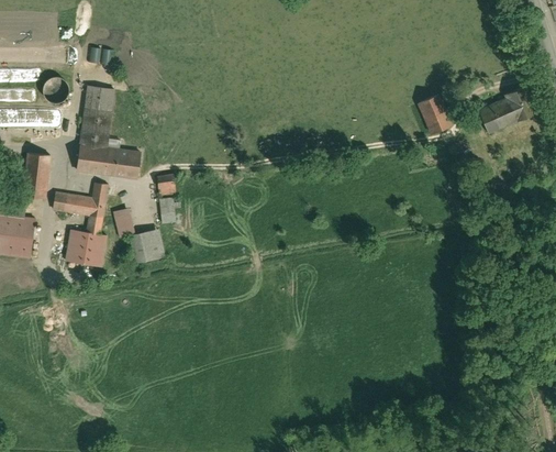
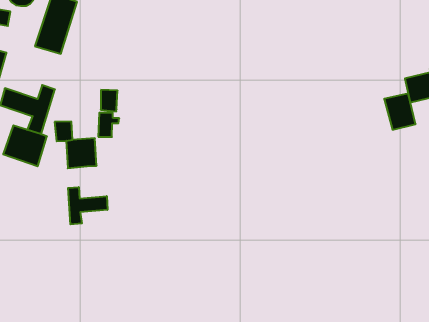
building: [412,92,449,133] -> [384,93,416,130]
building: [77,142,142,179] -> none
building: none -> [68,187,107,224]

